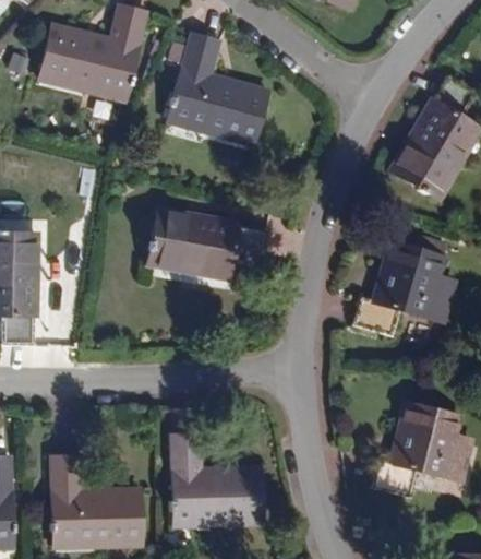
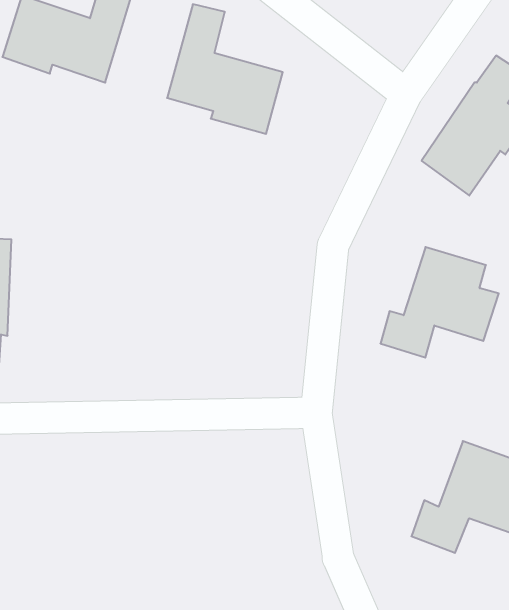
building: [151,209,267,282] -> none
building: [172,433,266,520] -> none
building: [51,456,143,539] -> none

